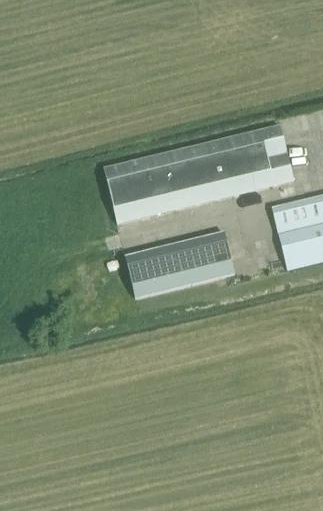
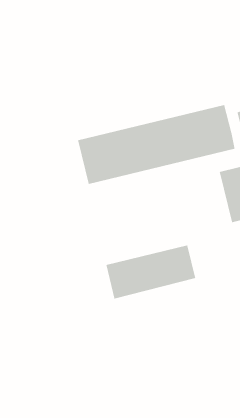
building: [126,230,235,296] -> [105,245,196,299]

